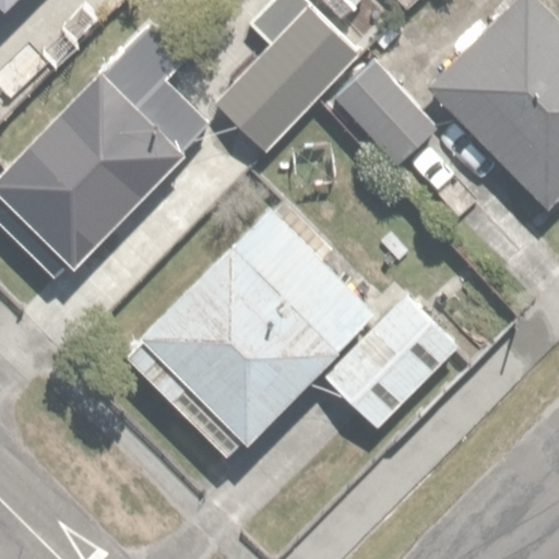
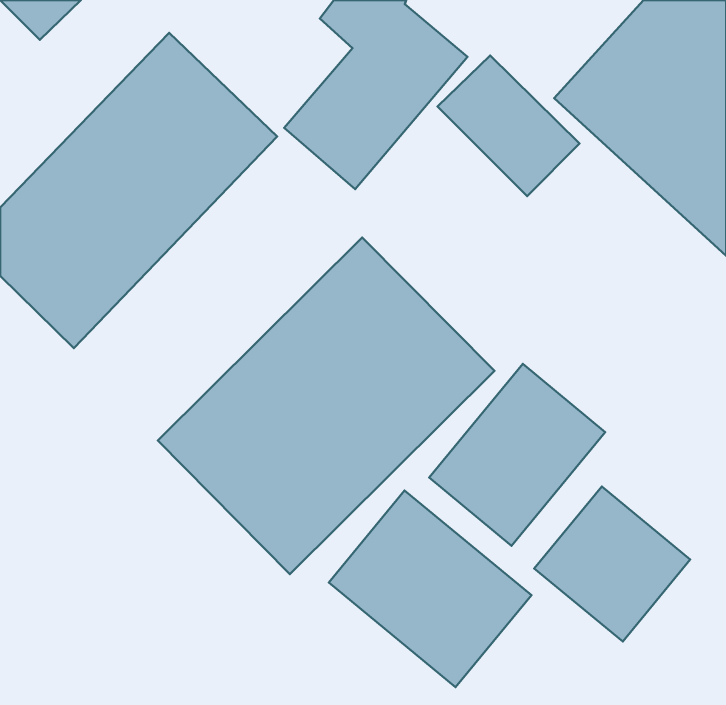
building: none -> [534,487,690,642]
building: none -> [329,490,531,687]

